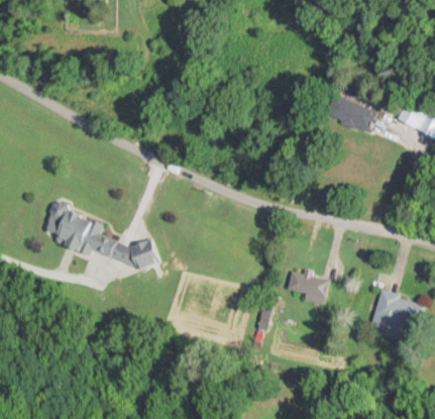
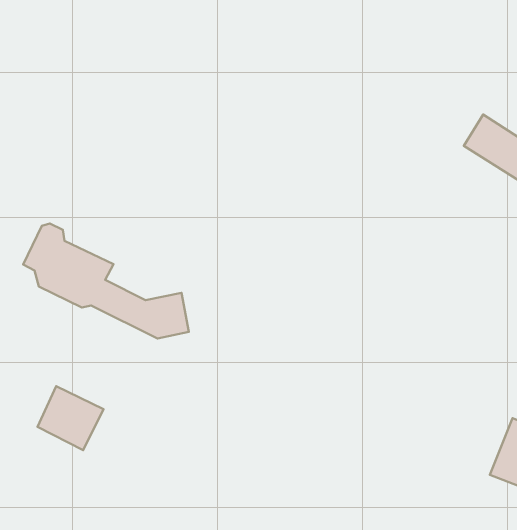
building: [287,271,329,300] -> none
building: none -> [37,386,104,450]

